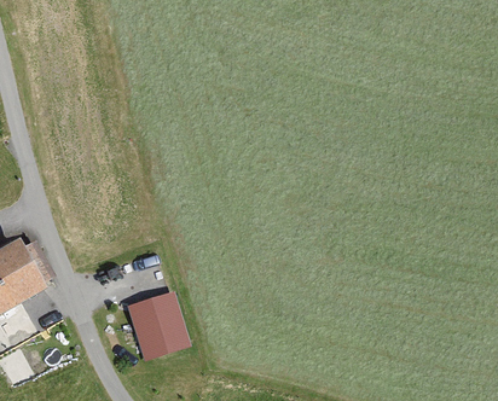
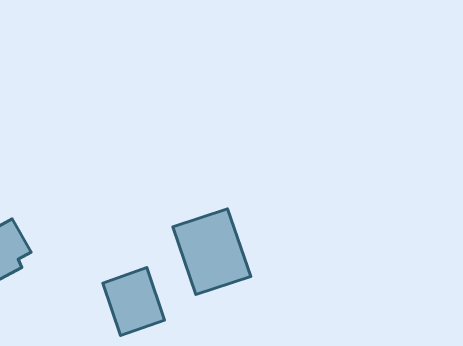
building: none -> [173,209,251,295]

